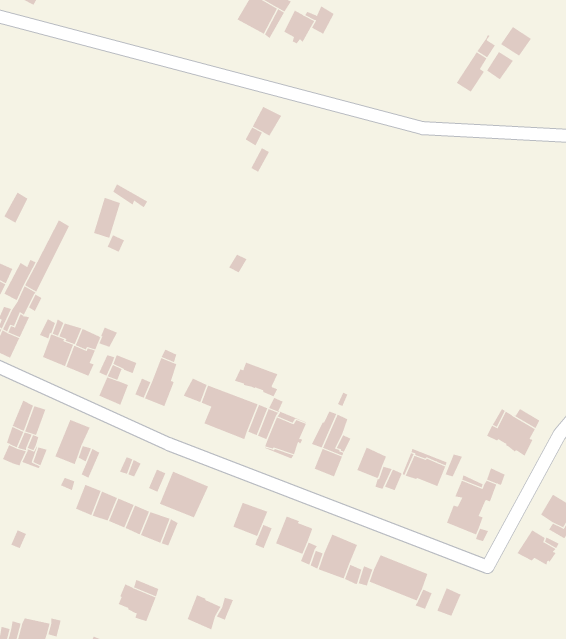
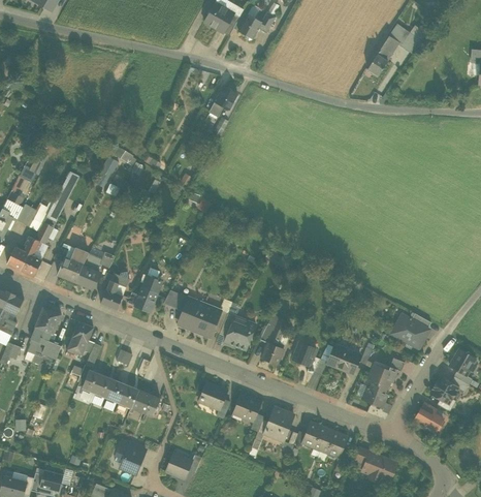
building: [234,362,278,397] -> none
building: [159,471,209,518] -> none
building: none -> [363,455,394,482]

